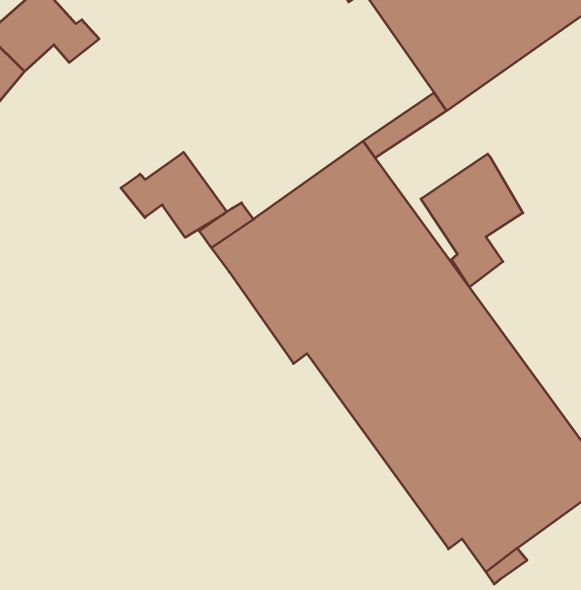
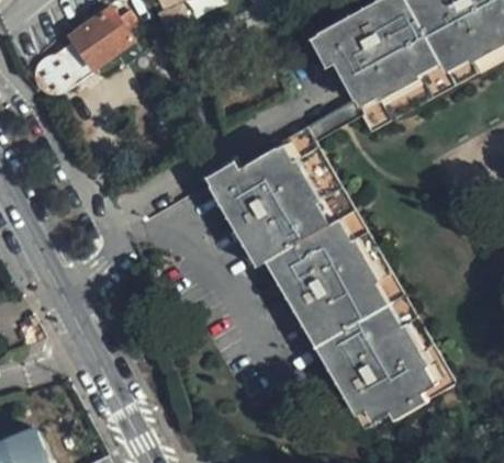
building: [121,152,227,237] -> none
building: [421,154,523,287] -> none

